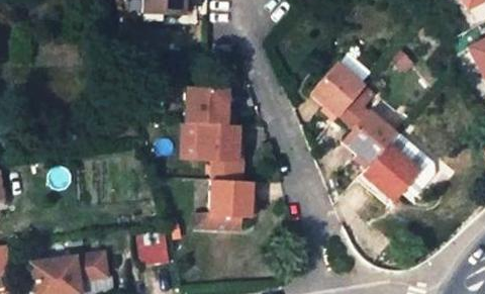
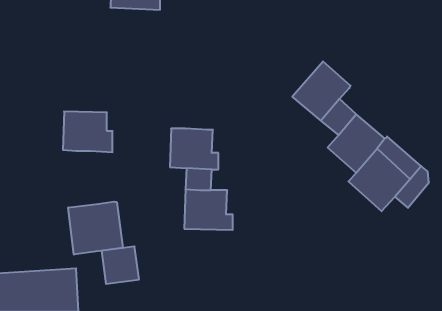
building: [187,88,232,125] -> [63,111,113,152]
building: none -> [68,202,123,255]

